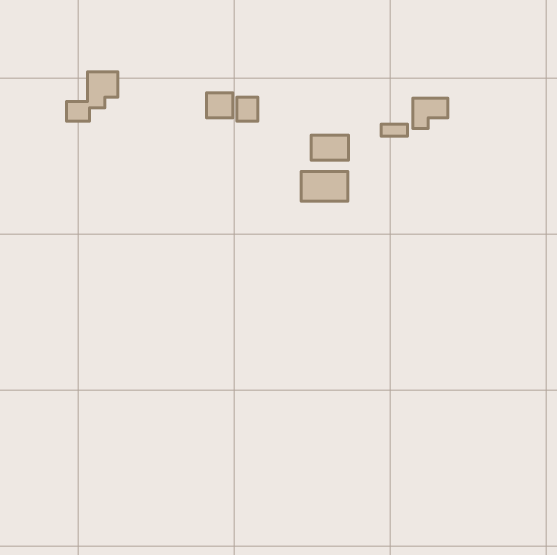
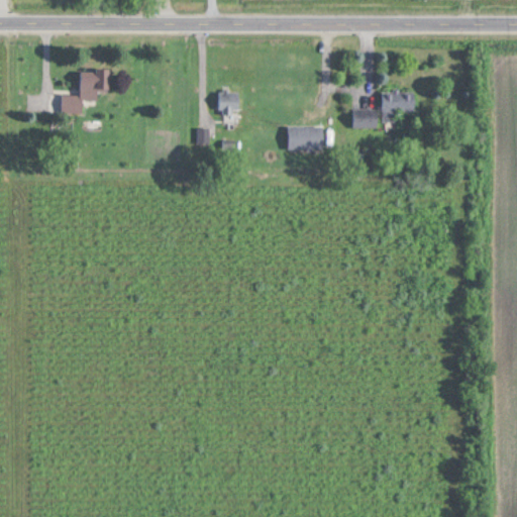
building: [207,93,233,118] -> none
building: [301,172,348,201] -> none

